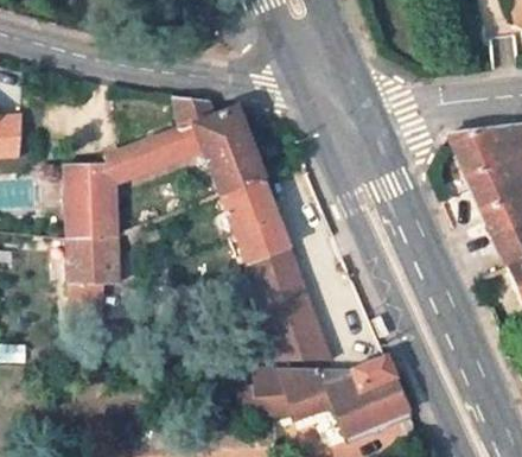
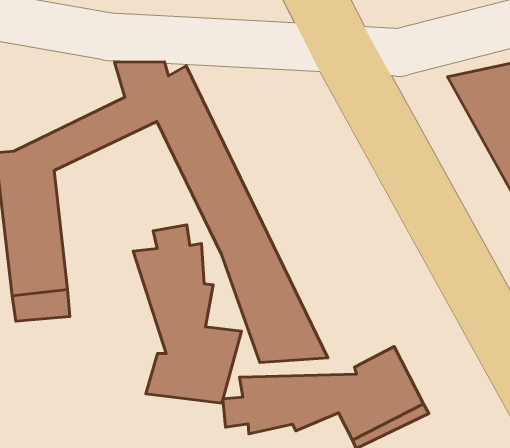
building: none -> [133,225,242,403]

